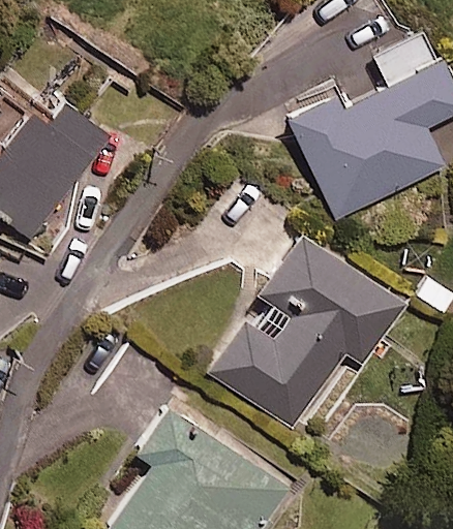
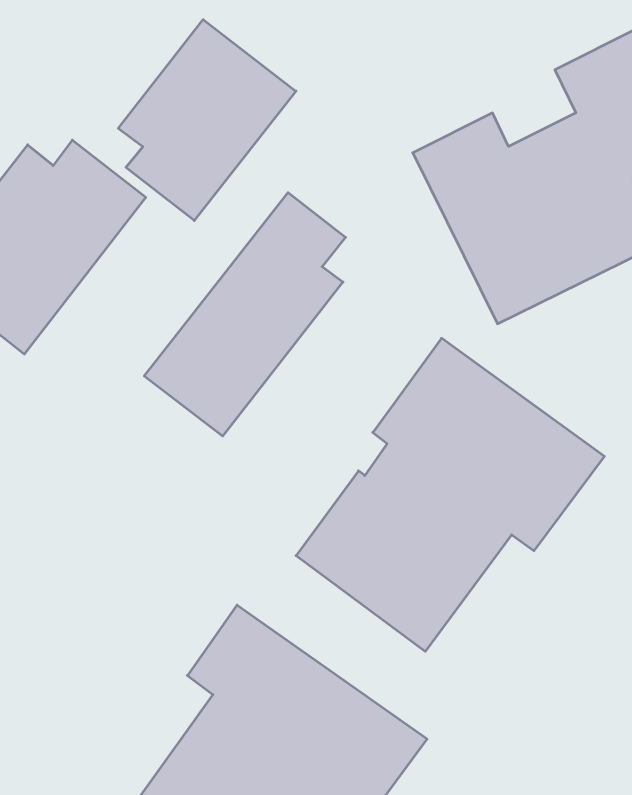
building: none -> [118,20,296,221]
building: none -> [144,193,346,436]

